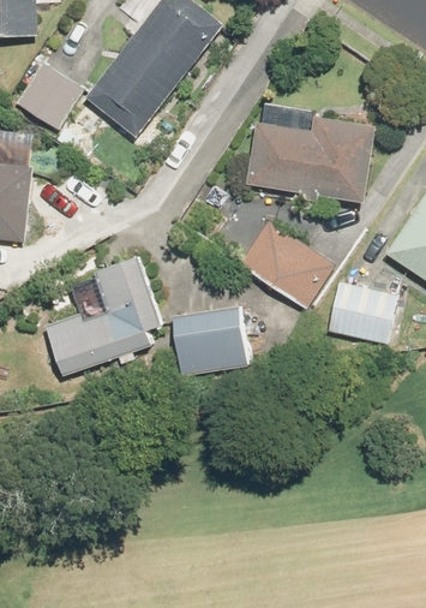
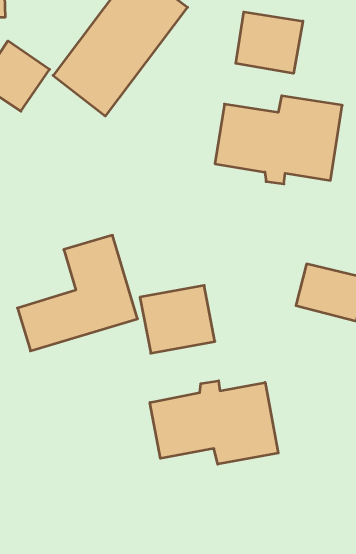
building: none -> [236,12,303,73]
building: [236,219,334,308] -> none
building: none -> [150,381,278,464]

